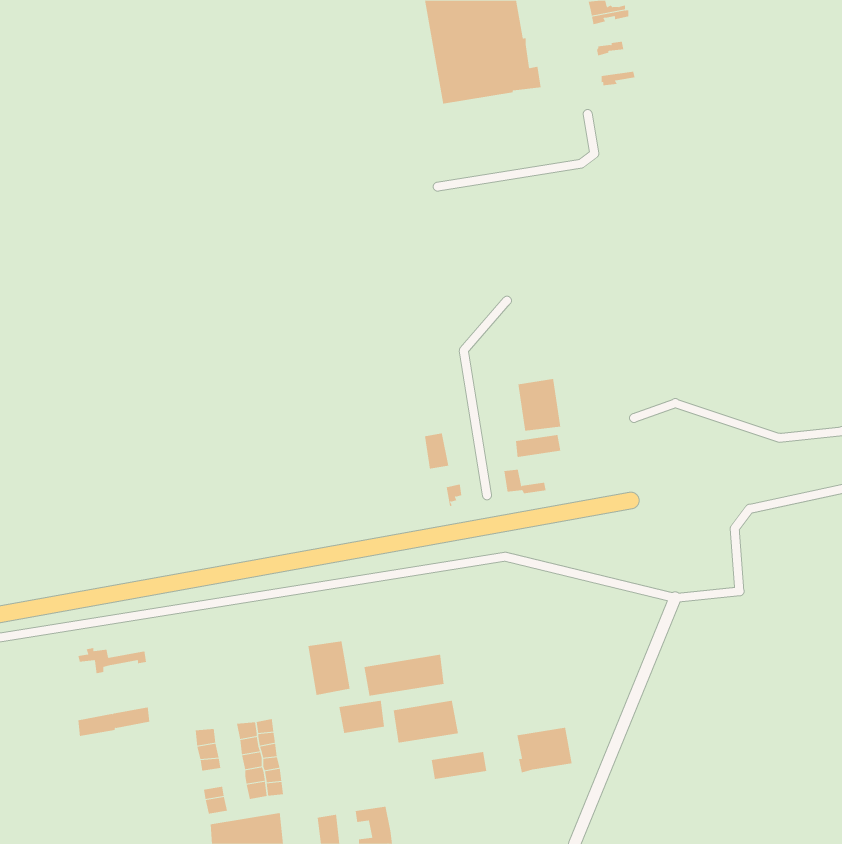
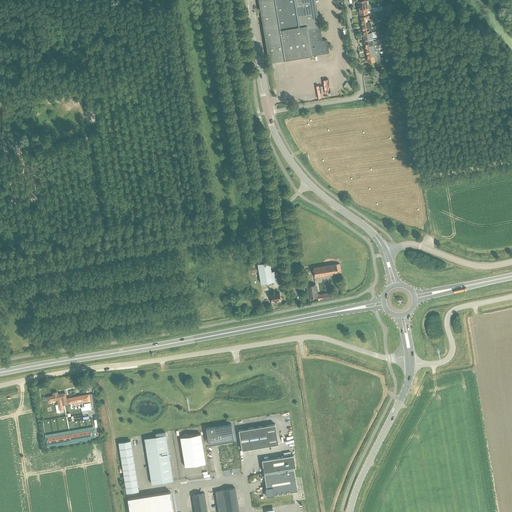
building: [518,378,561,431] -> none
building: [308,641,350,695] -> [179,434,205,467]
building: [364,654,444,696] -> none
building: [516,727,573,773] -> [263,469,297,497]

